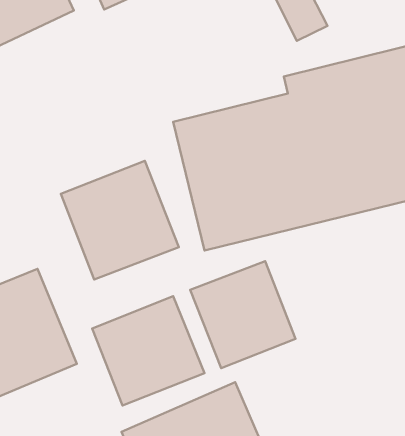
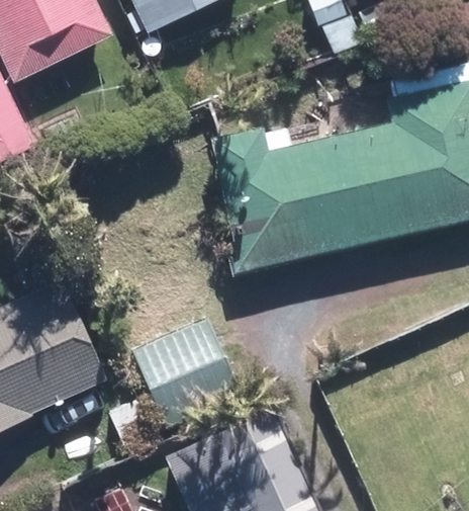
building: [61,161,179,279] -> none
building: [190,261,296,368] -> none

